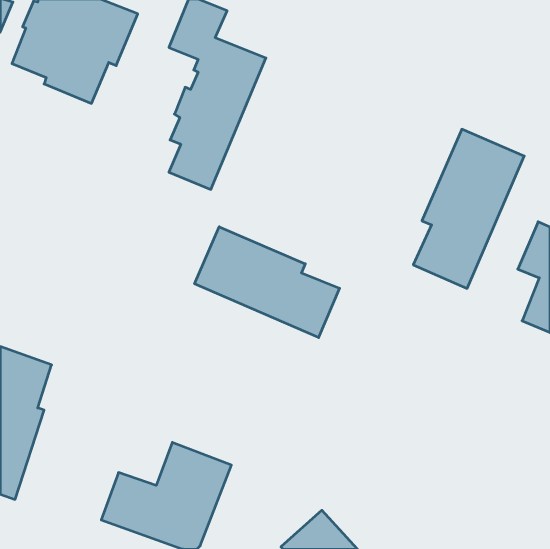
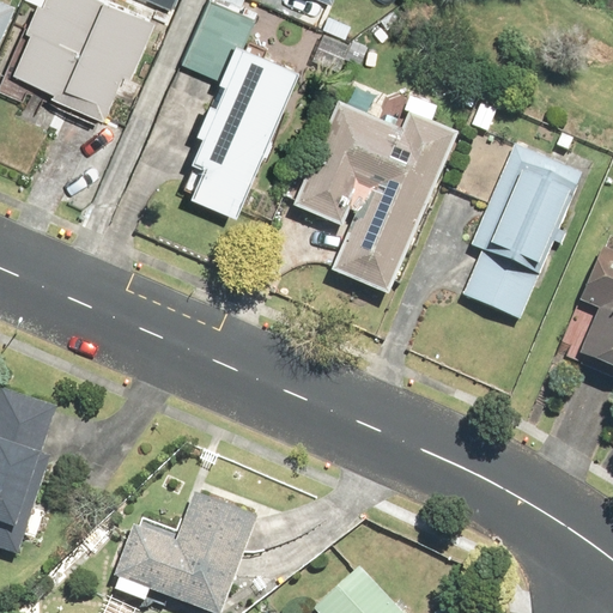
building: none -> [290,102,457,297]
building: [195,227,340,338] -> none

